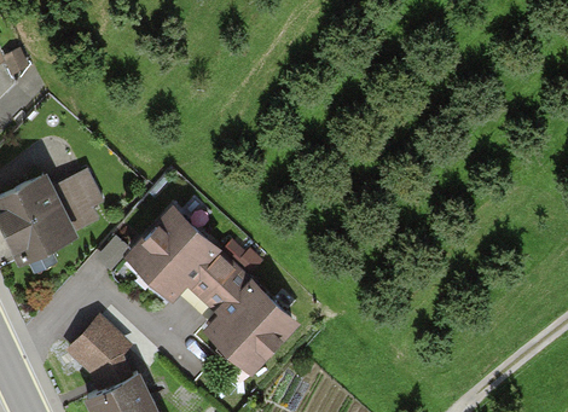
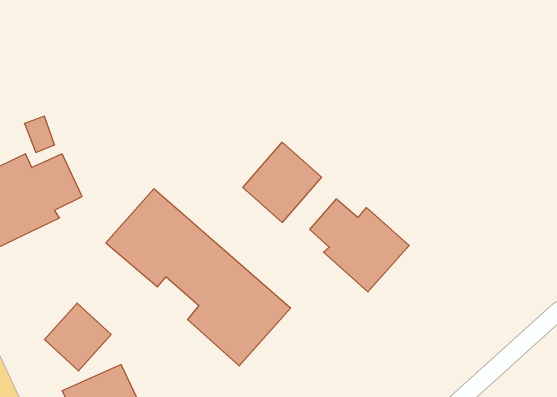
building: none -> [243,142,321,222]
building: none -> [310,199,409,292]

